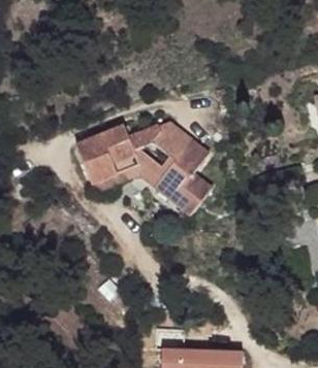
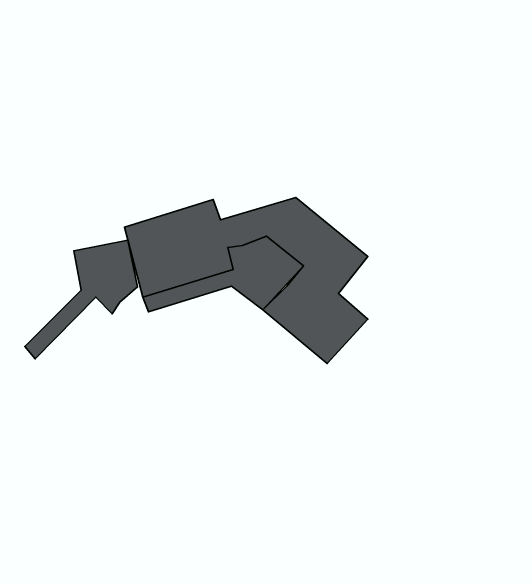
building: none -> [25,240,138,359]

